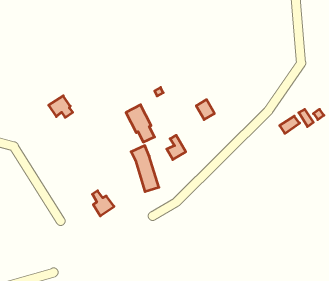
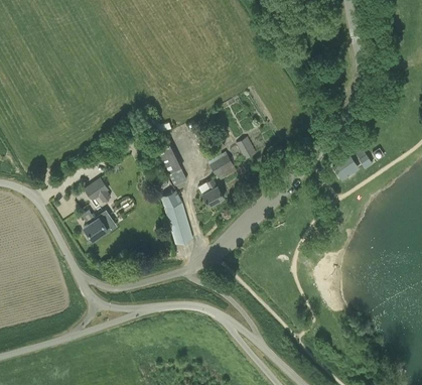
building: [49,96,73,117] -> [84,177,112,203]
building: none -> [209,154,237,180]
building: [92,191,114,216] -> [83,211,108,240]

